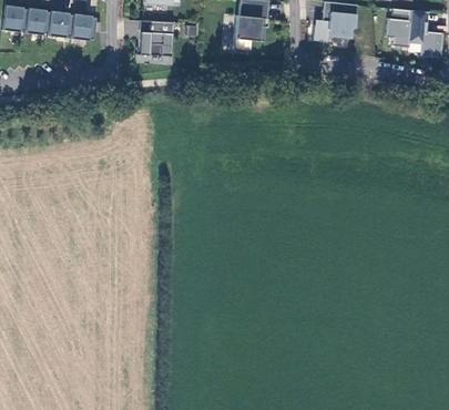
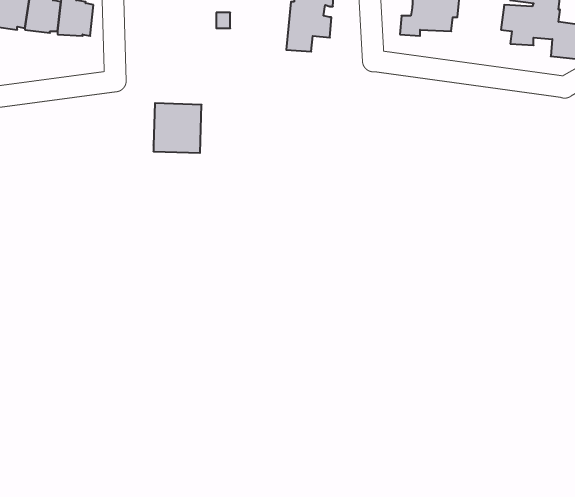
building: [139,20,173,55] -> [153,103,202,153]

